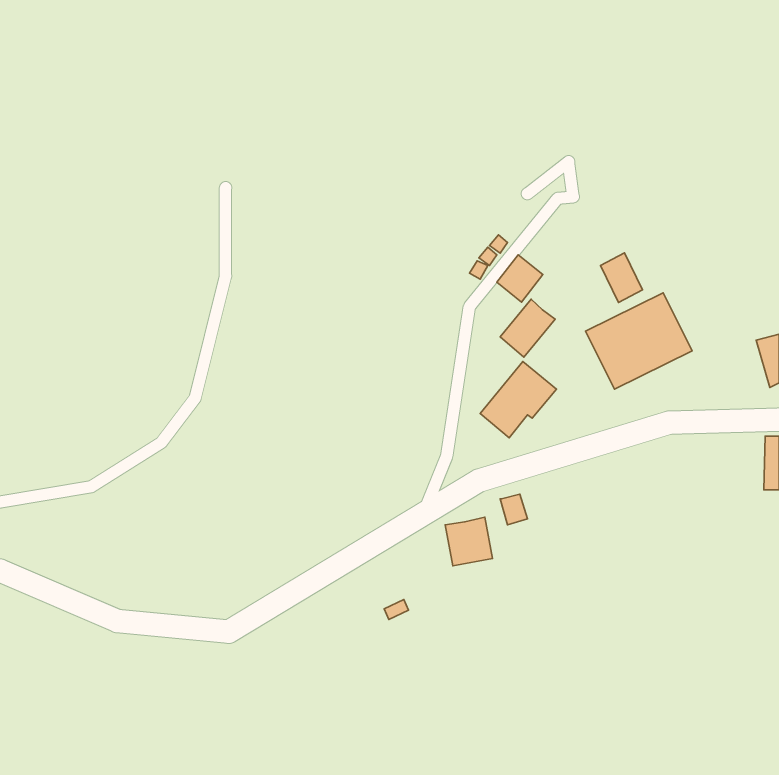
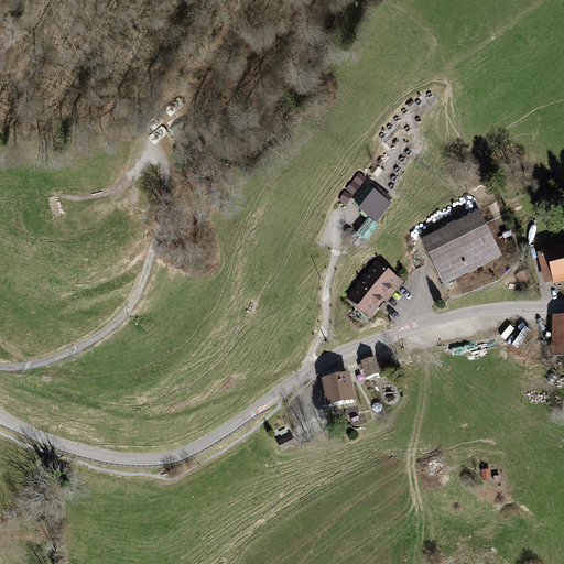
building: [600,253,643,303] -> none
building: [500,299,555,357] -> none

